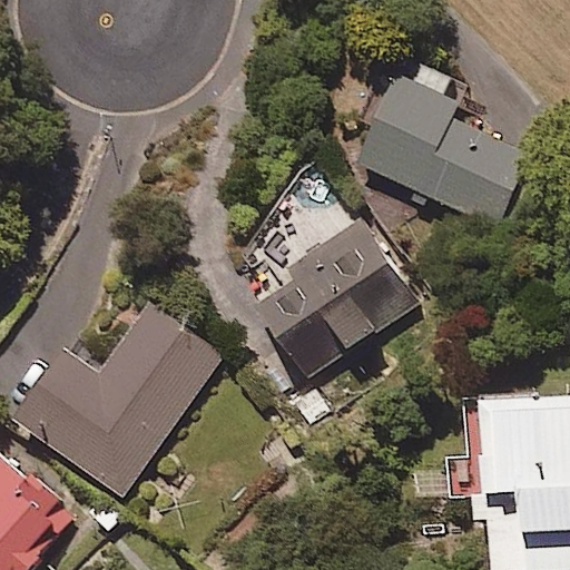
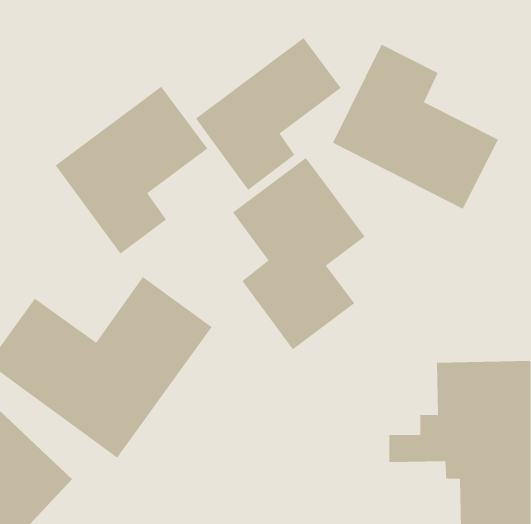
building: none -> [195,37,342,191]
building: none -> [55,86,208,255]

